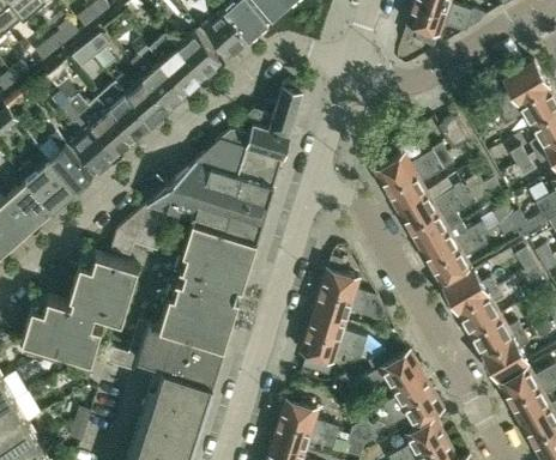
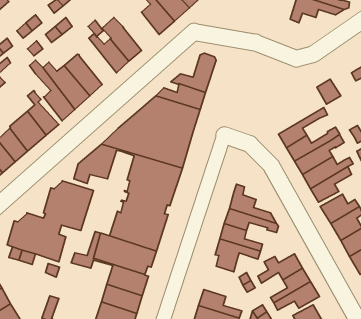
building: [177,32,220,79] -> none
building: [119,62,169,125] -> none
building: [376,145,448,192] -> none

